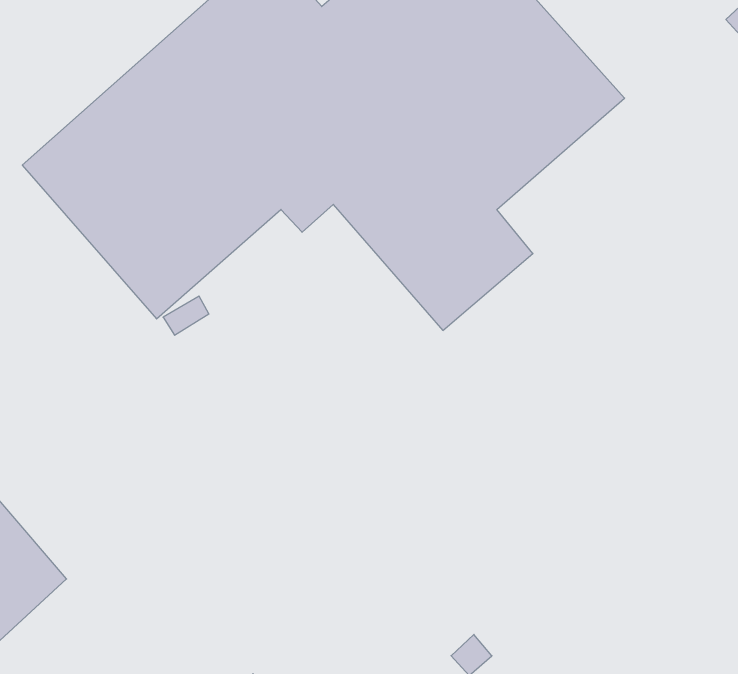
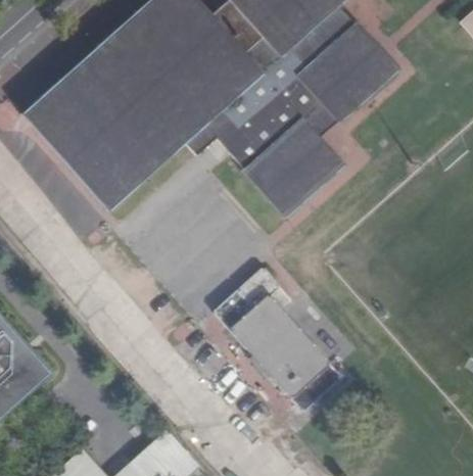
building: none -> [229,270,329,399]

